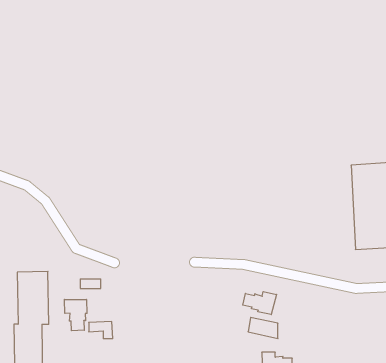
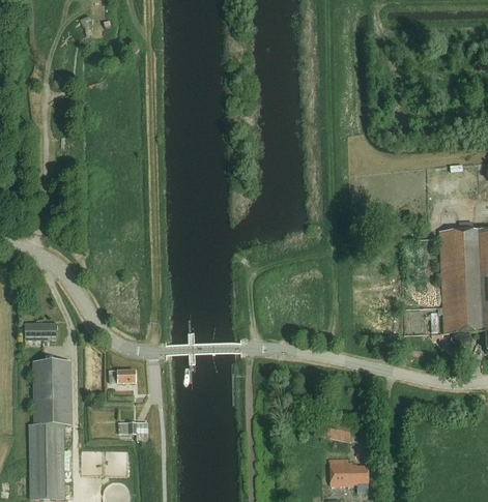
building: none -> [25,323,57,339]
building: [243,292,277,315] -> none
building: [64,299,87,331] -> none

